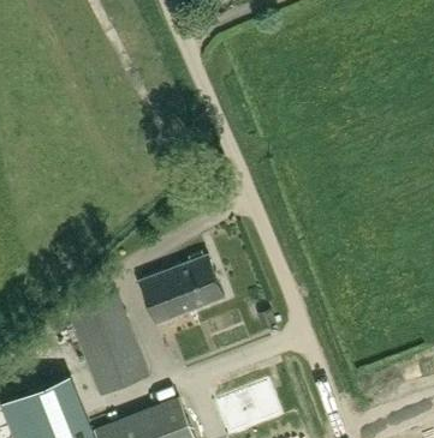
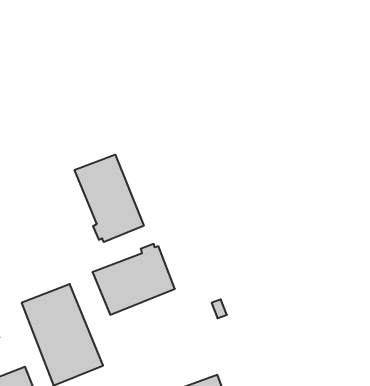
building: none -> [75,155,144,242]

